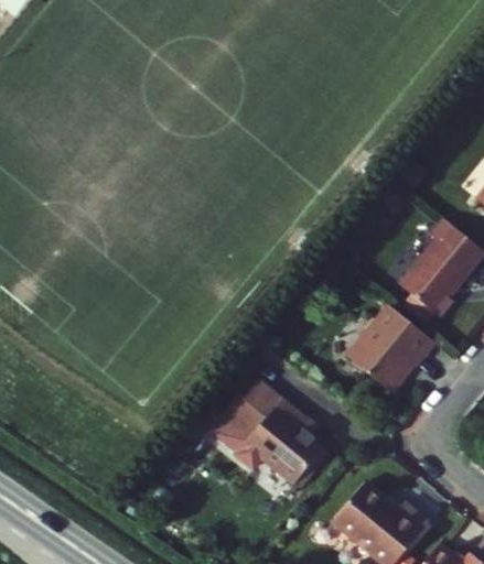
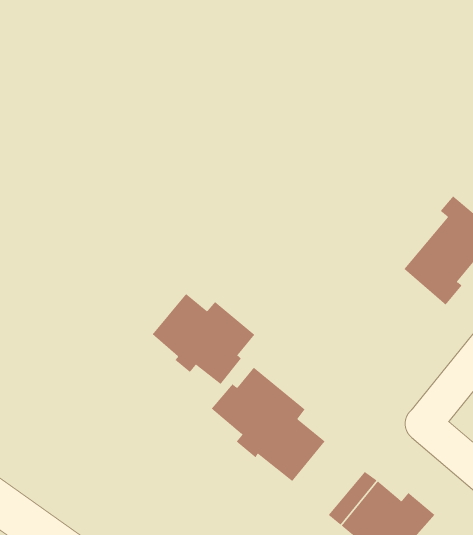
building: [347,306,435,394] -> none
building: none -> [152,293,255,385]

